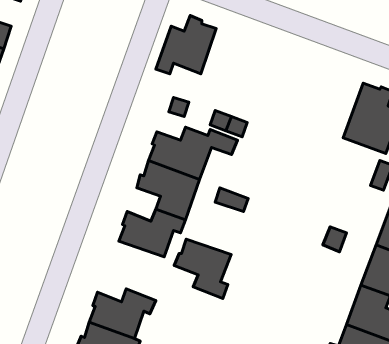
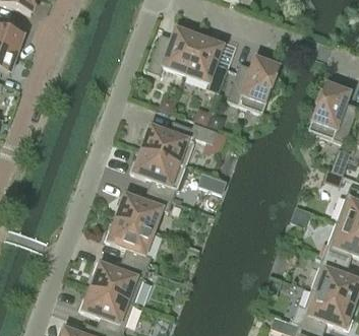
building: none -> [186,36,228,92]
building: none -> [227,54,280,113]
building: [174,239,231,299] -> [106,217,155,268]

